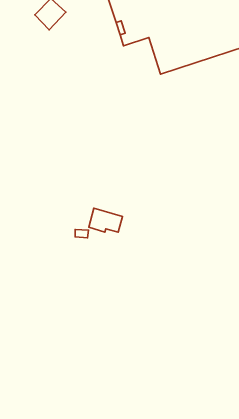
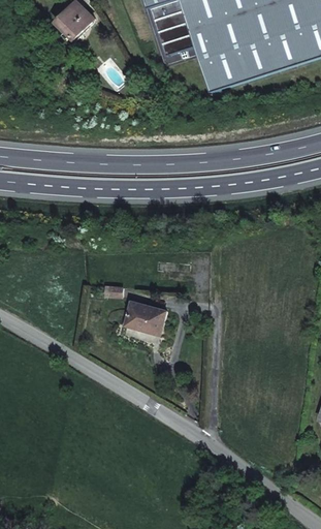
building: [89,208,122,232] -> [124,300,165,330]

